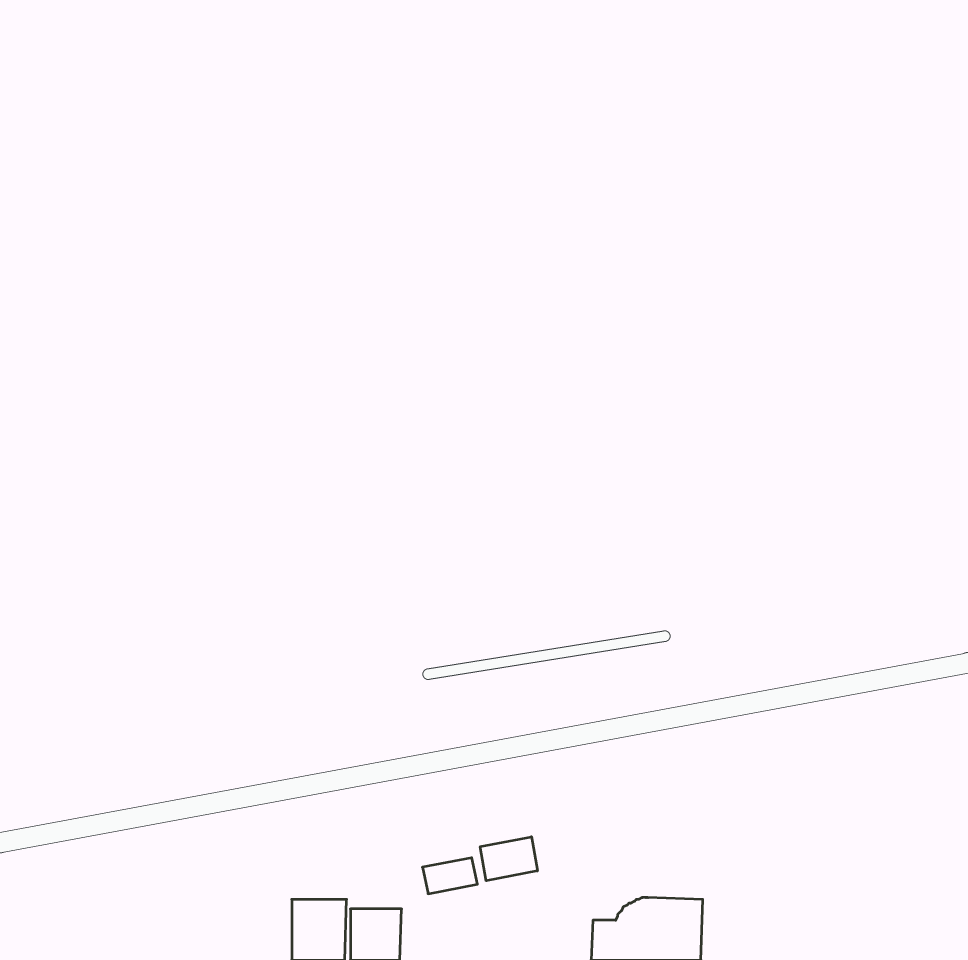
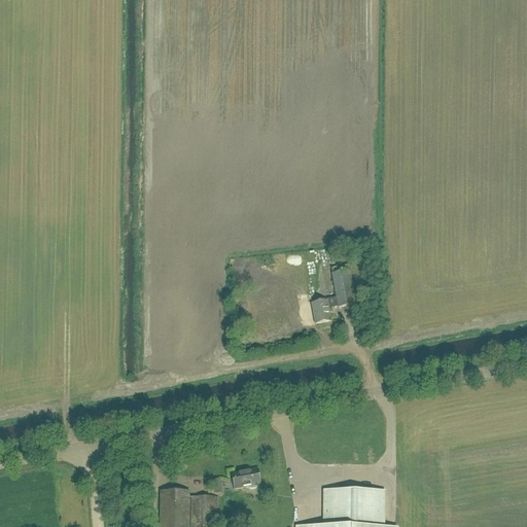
building: none -> [311,268,355,321]
building: [480,837,537,881] -> none

